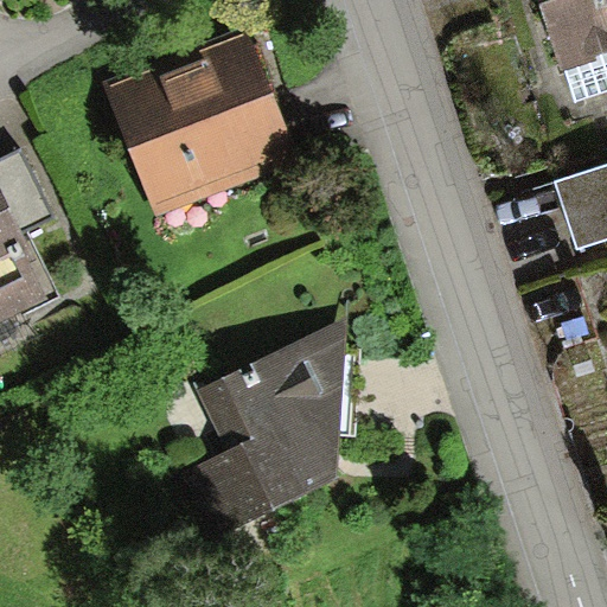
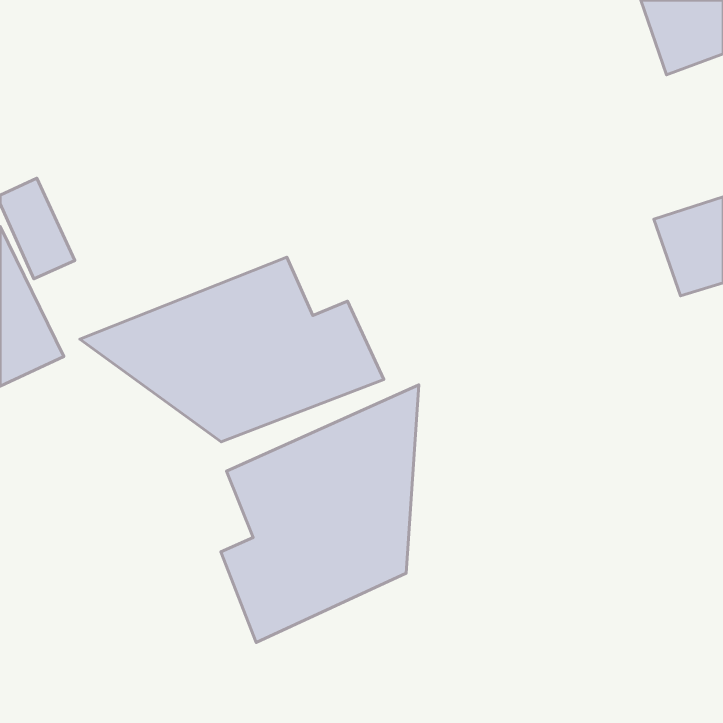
building: [104,27,296,212] -> none
building: none -> [80,257,384,442]

